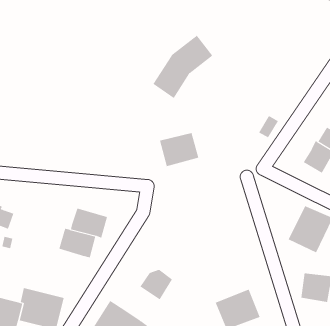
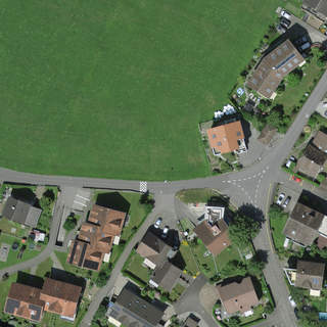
building: [153,35,213,99] -> [247,39,301,96]
building: [159,133,199,167] -> [207,122,243,152]
building: none -> [193,213,235,254]
building: none -> [137,231,175,263]
building: none -> [67,240,101,268]

